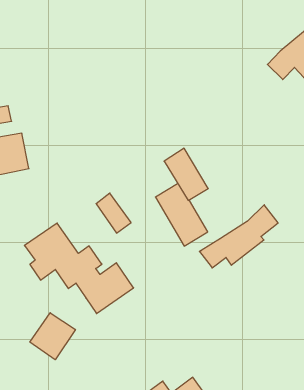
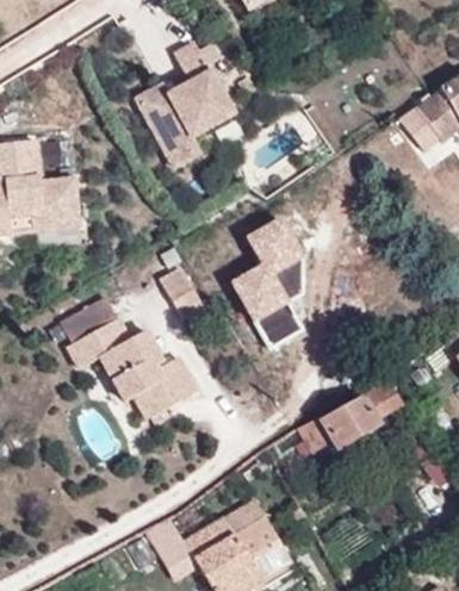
building: none -> [132,41,236,173]
building: [199,205,278,268] -> [297,377,402,452]
building: [30,313,75,360] -> none

